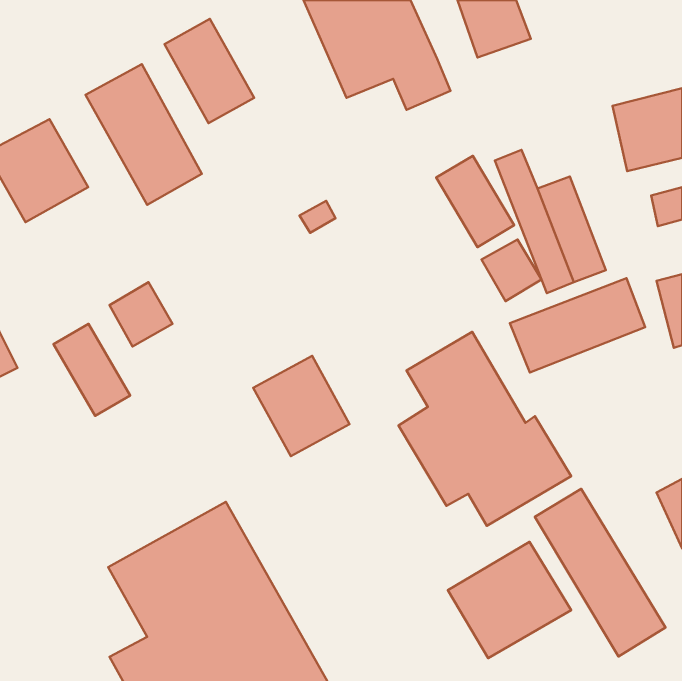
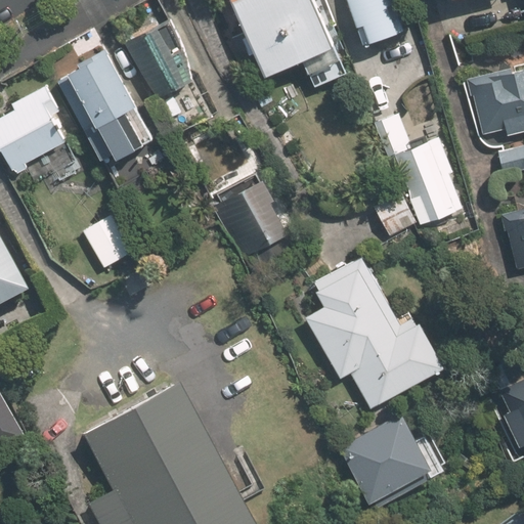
building: [436,156,514,247] -> none
building: [510,278,645,373] -> none
building: [54,324,130,416] -> none
building: [253,356,350,456] -> [217,179,291,256]
building: [535,489,665,657] -> none

